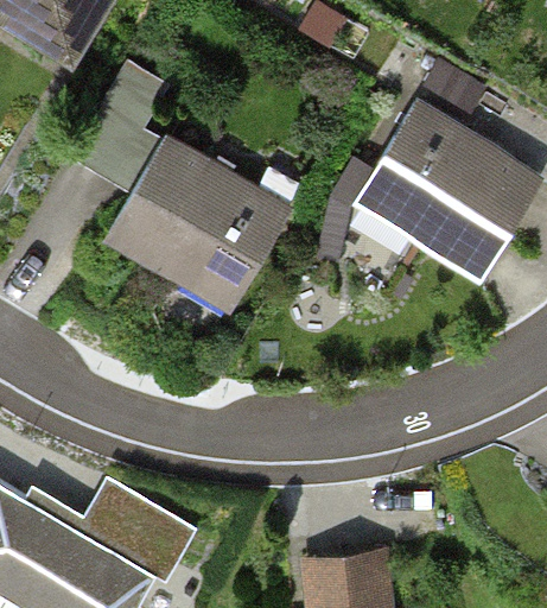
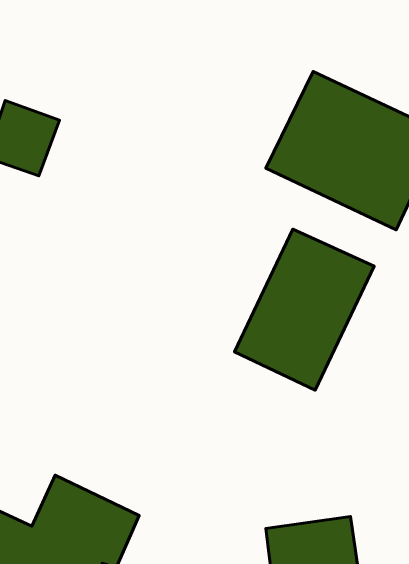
building: [107,138,286,303] -> none
building: none -> [234,229,374,390]

